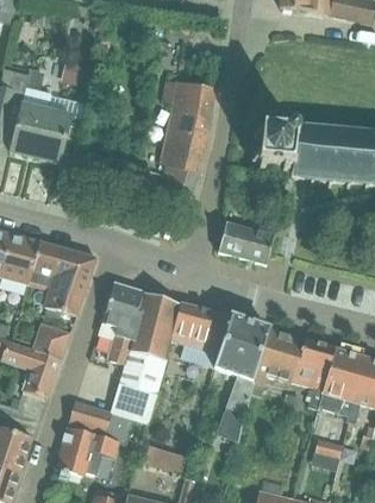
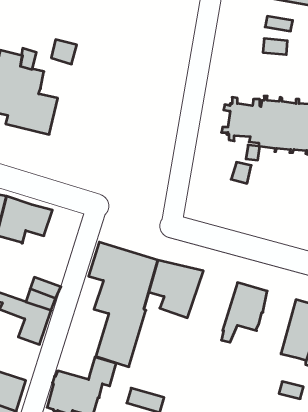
building: [161,81,215,194] -> none
building: [218,221,275,264] -> none
building: [29,247,98,315] -> none
building: [213,315,269,440] -> none
building: [290,338,335,408] -> none
building: [69,401,110,432] -> none

